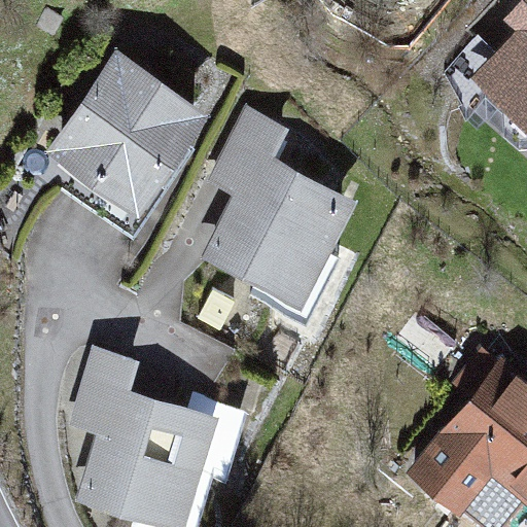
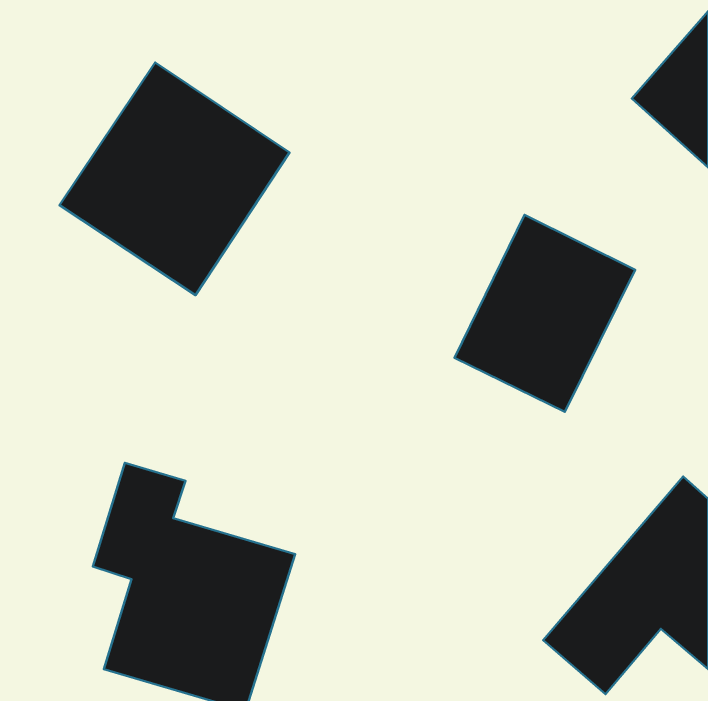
building: [203,110,355,309] -> none
building: none -> [455,215,635,412]

